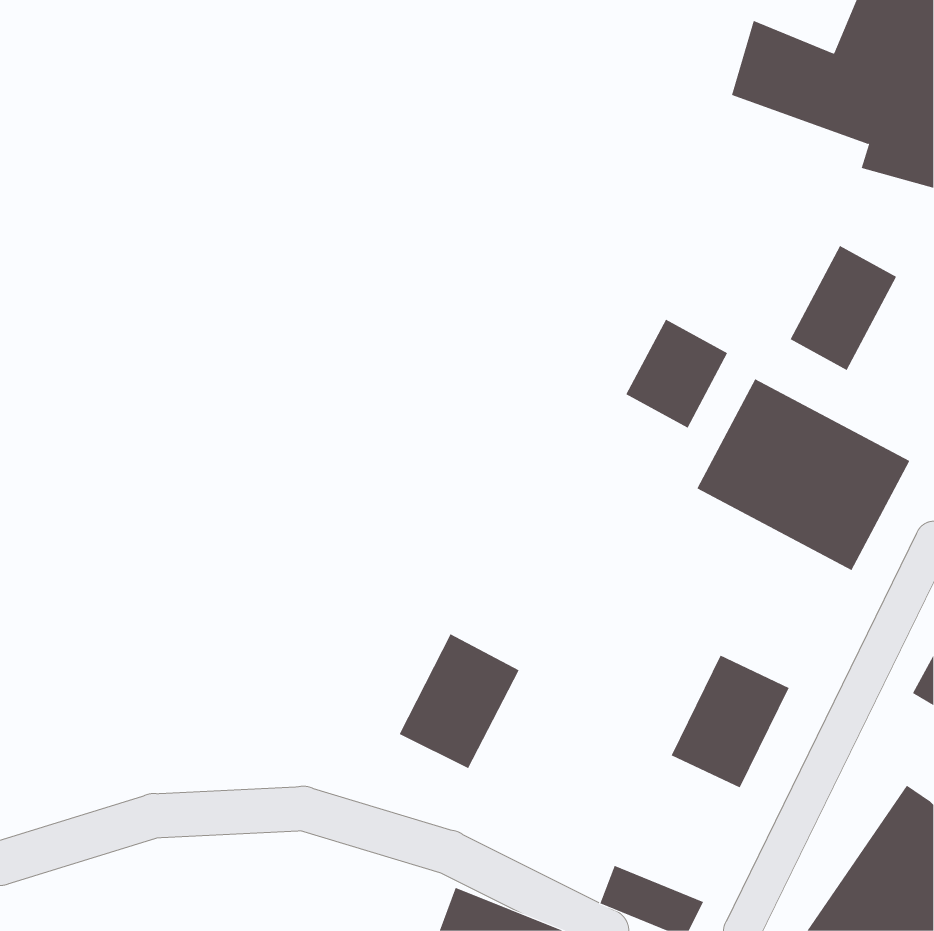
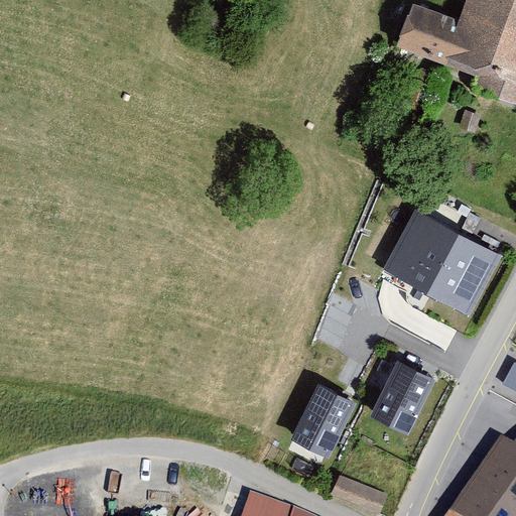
building: [790,245,897,371] -> none
building: [626,319,728,428] -> none
building: [399,634,520,769] -> [290,382,357,457]

